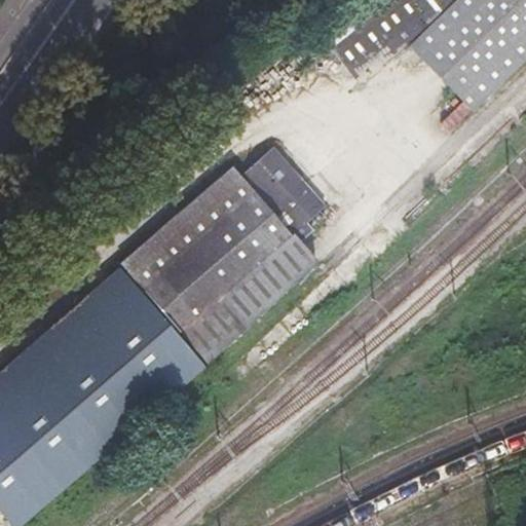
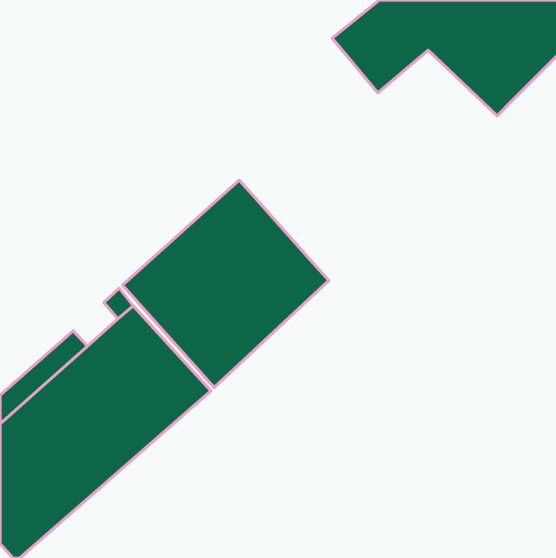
building: [236,147,328,245] -> none

